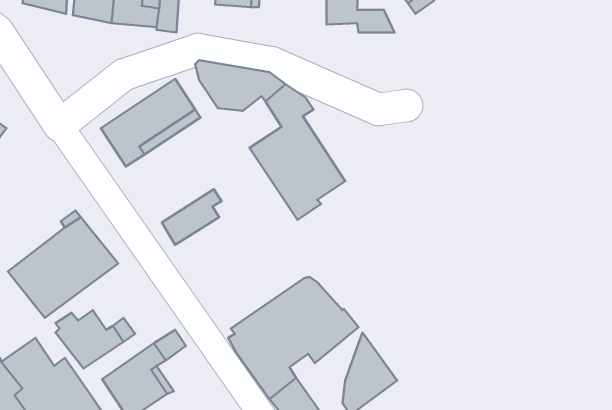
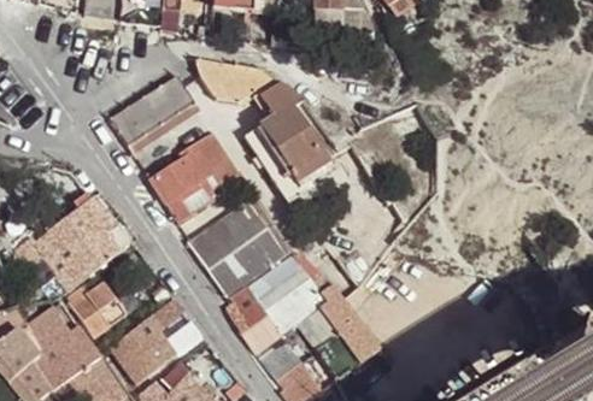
building: none -> [149,130,239,202]
building: none -> [188,193,292,295]
building: none -> [304,297,347,366]

